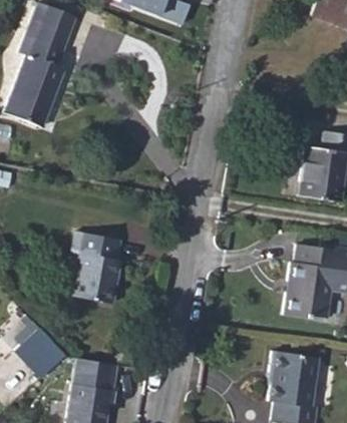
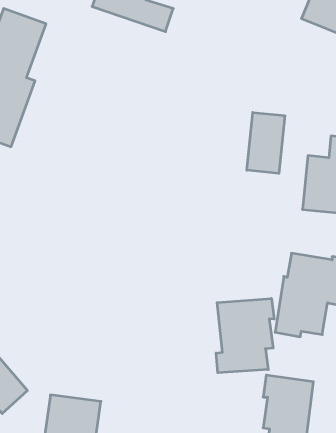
building: none -> [247,112,285,173]
building: [72,235,125,307] -> none
building: none -> [216,298,274,373]

